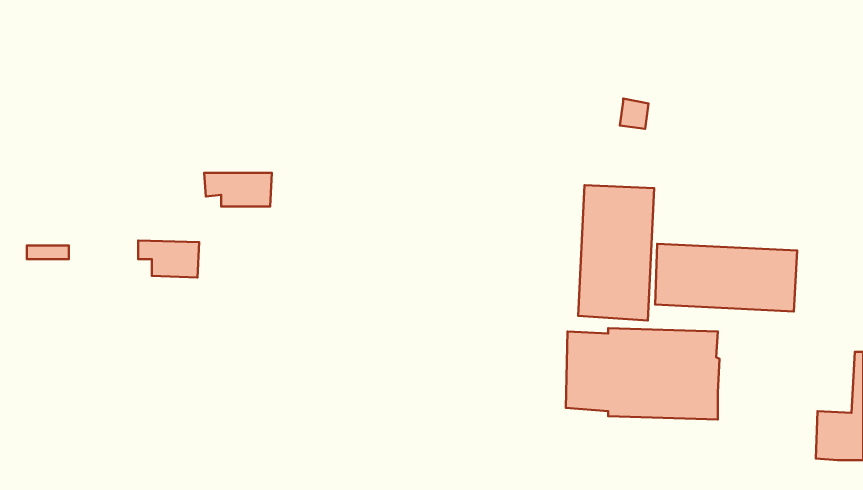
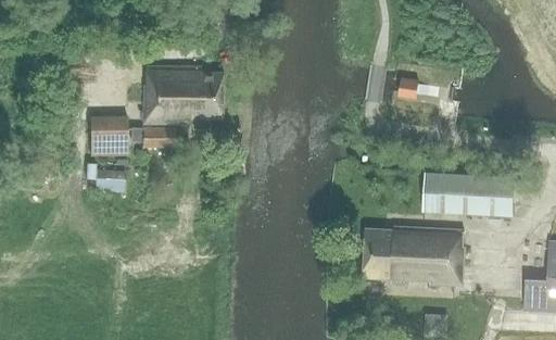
building: none -> [142,66,222,128]
building: none -> [90,115,127,155]
building: [578,185,654,320] -> none

